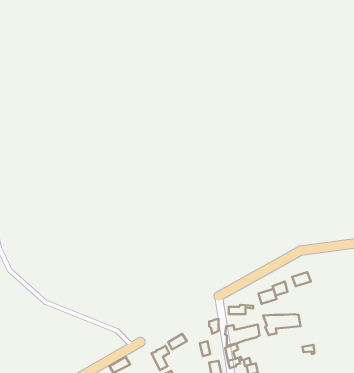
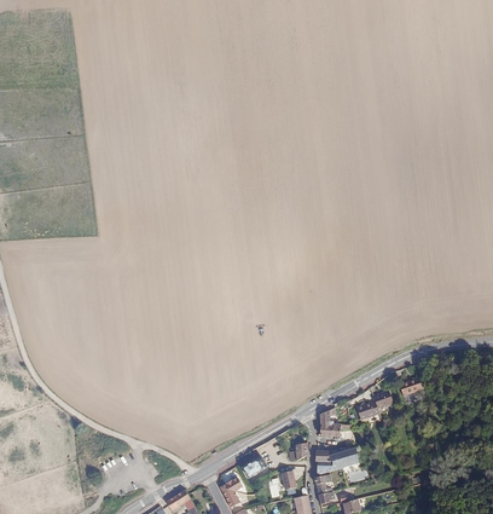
building: [263,314,301,335] -> none

